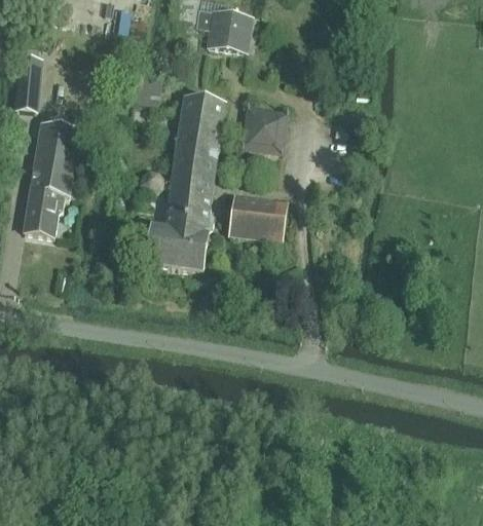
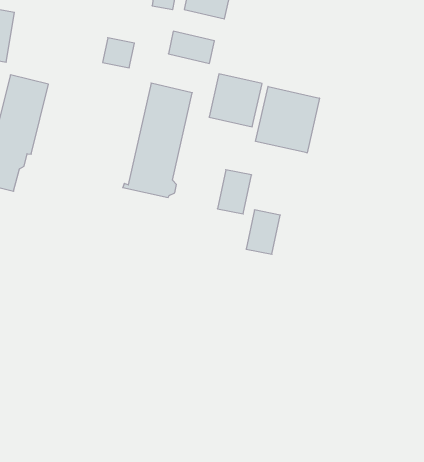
building: [181,96,225,124] -> [168,31,214,63]
building: none -> [256,86,319,153]
building: [230,194,261,236] -> [246,210,280,254]
building: [146,221,209,270] -> none

